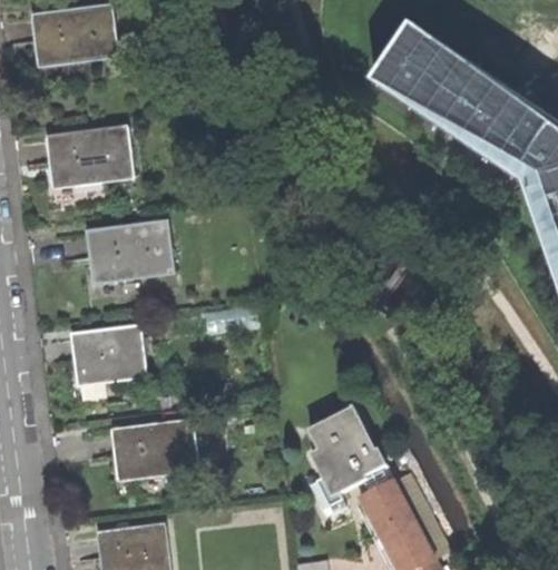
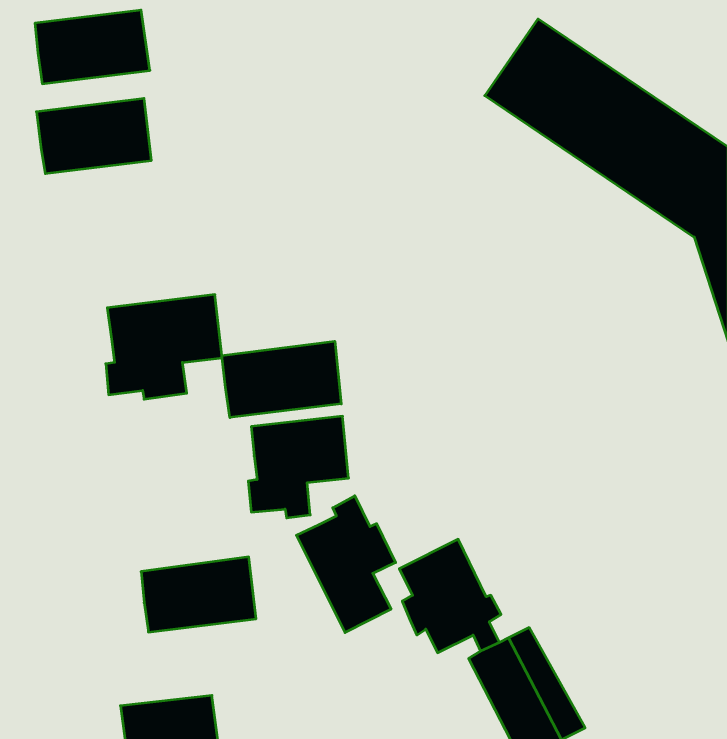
building: [46,128,133,185] -> [36,98,151,174]
building: none -> [222,341,341,418]
building: [69,328,145,405] -> [248,416,349,518]
building: none -> [296,496,396,633]

